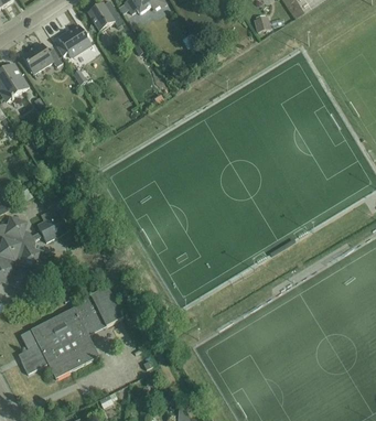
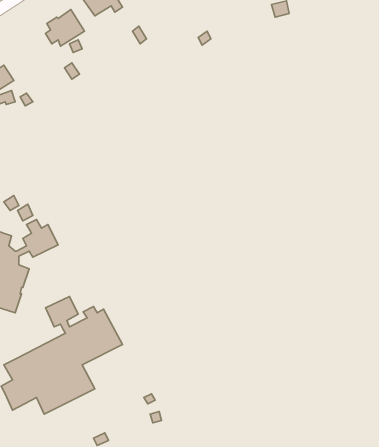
building: [22,42,62,73] -> none

